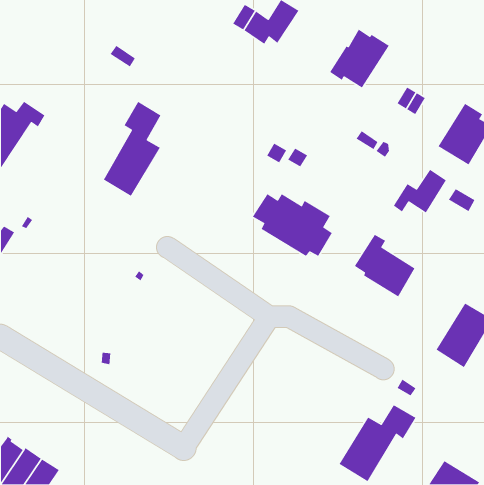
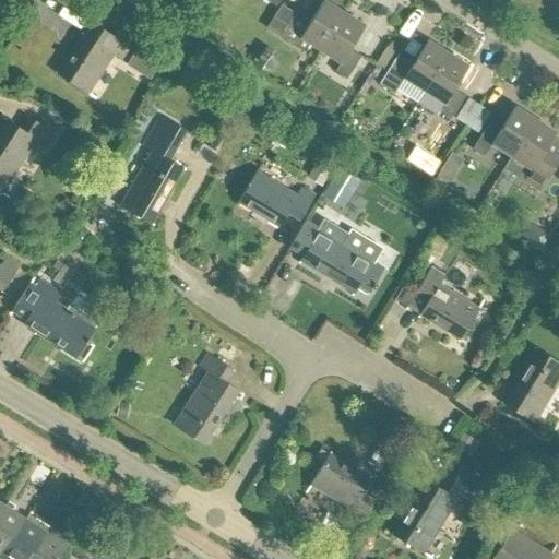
building: none -> [321,12,366,78]
building: none -> [59,22,131,94]
building: none -> [418,52,469,118]
building: none -> [237,171,317,229]
building: [393,169,447,214] -> [474,105,536,156]
building: none -> [15,278,107,366]
building: none -> [174,353,242,447]
building: none -> [311,451,376,520]

